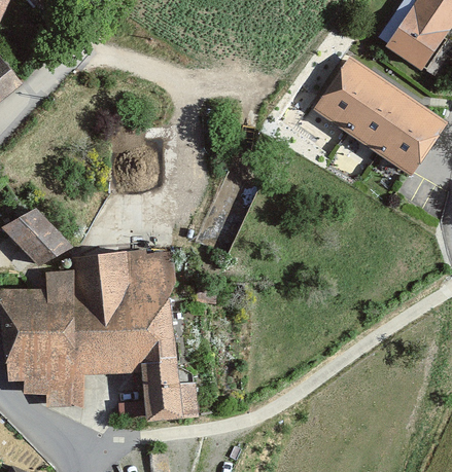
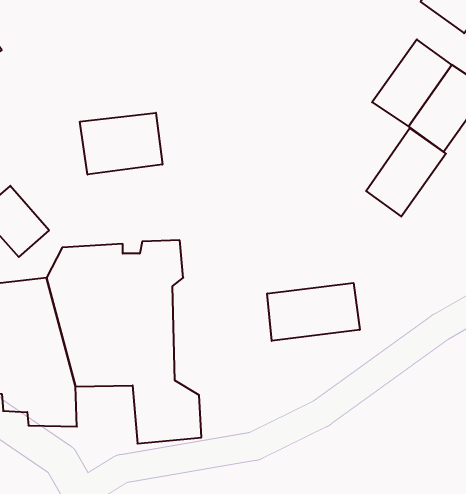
building: [311,56,379,131] -> [366,128,446,217]
building: none -> [80,113,162,175]
building: none -> [267,283,360,341]

